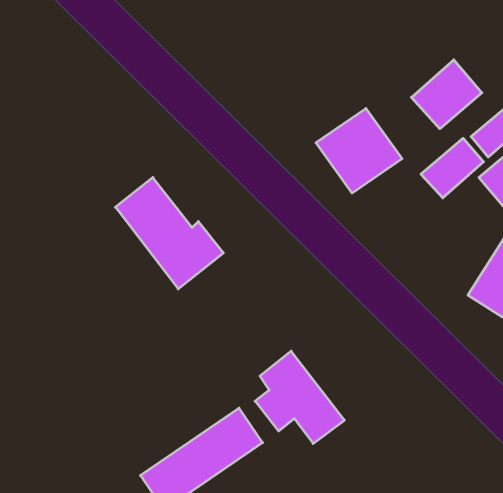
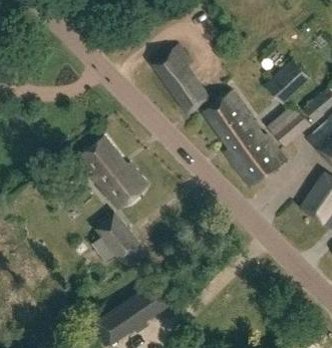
building: none -> [151,43,204,114]
building: none -> [224,122,286,186]
building: [255,351,344,444] -> [92,212,149,271]

